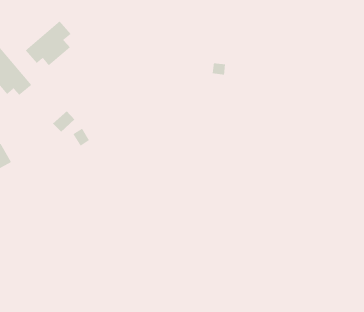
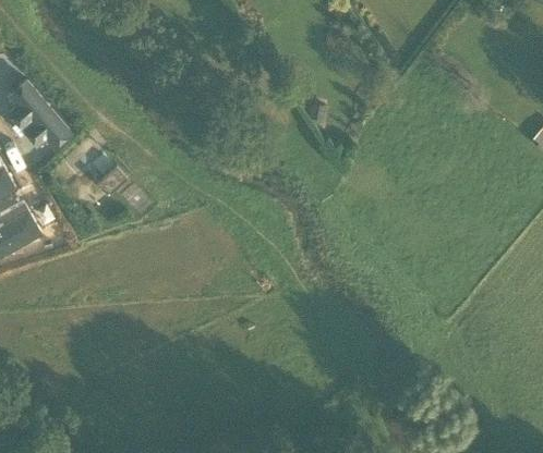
building: [25,20,72,66] -> none

